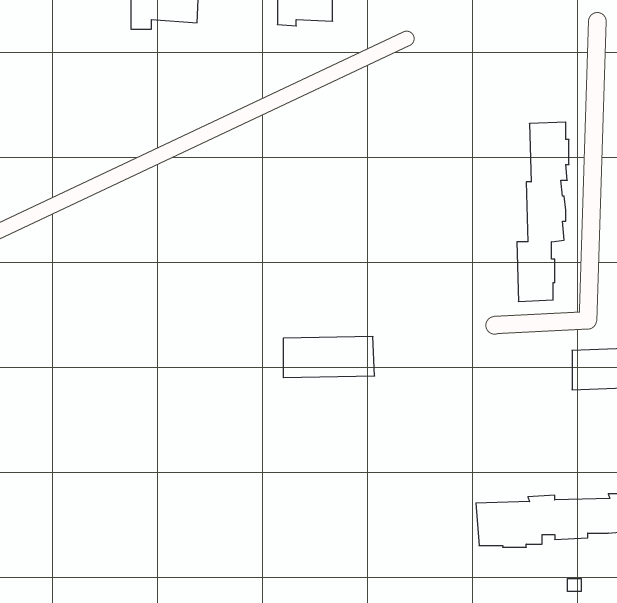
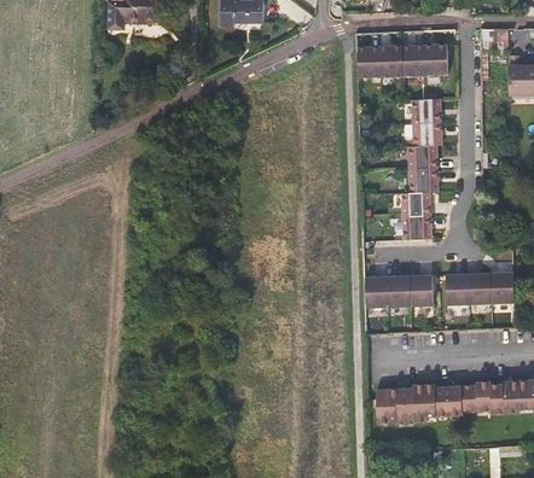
building: none -> [356,43,449,77]
building: [283,337,375,378] -> [364,274,434,305]

